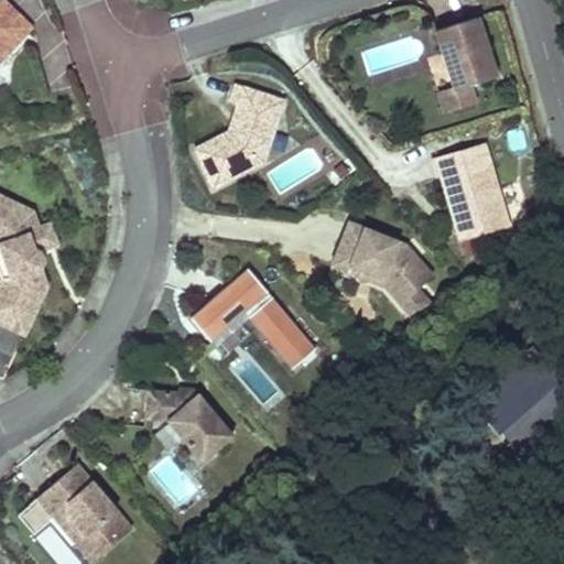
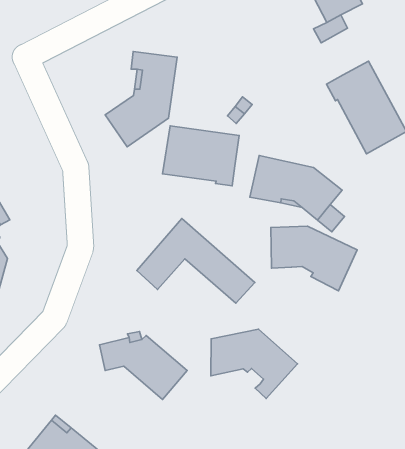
building: none -> [163,126,239,186]
building: none -> [271,226,357,291]
building: none -> [211,329,298,398]

